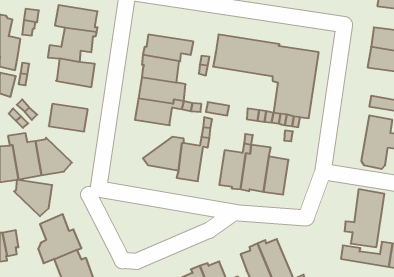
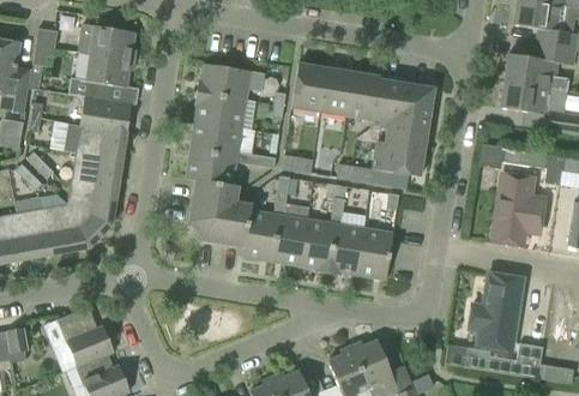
building: none -> [65,122,127,164]
building: none -> [189,180,239,230]
building: none -> [271,215,307,266]
building: [14,180,52,216] -> [66,187,117,236]

